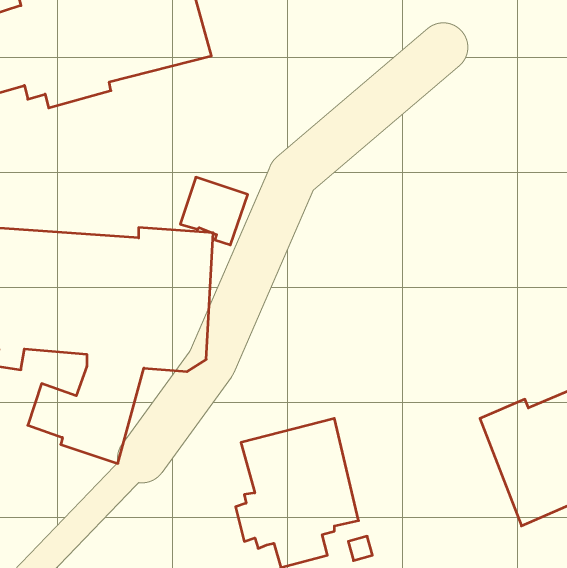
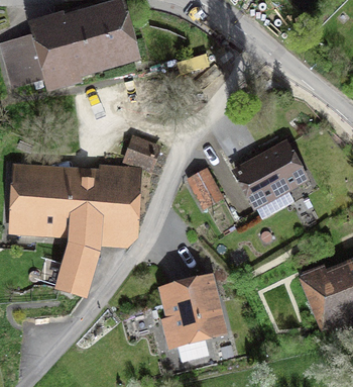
building: none -> [232,137,310,216]
building: none -> [188,166,224,207]

